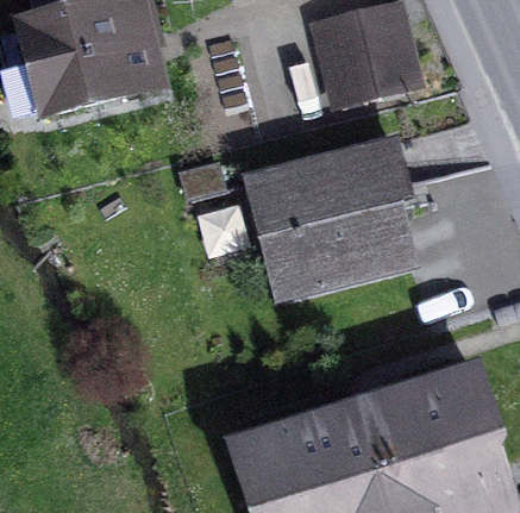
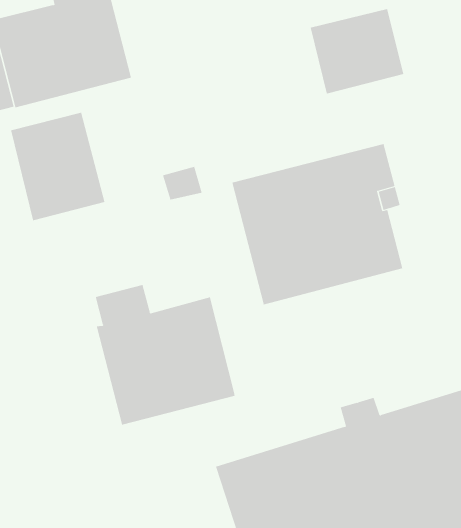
building: none -> [10,112,105,221]
building: none -> [95,284,236,426]

